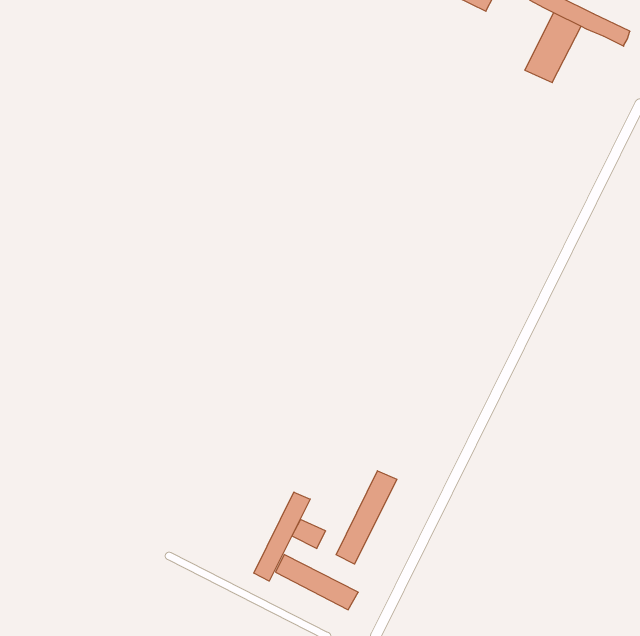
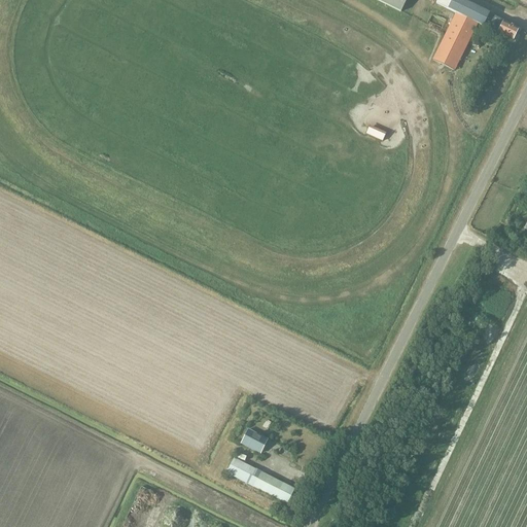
building: [336,471,397,564] -> none
building: [254,492,310,581] -> none

